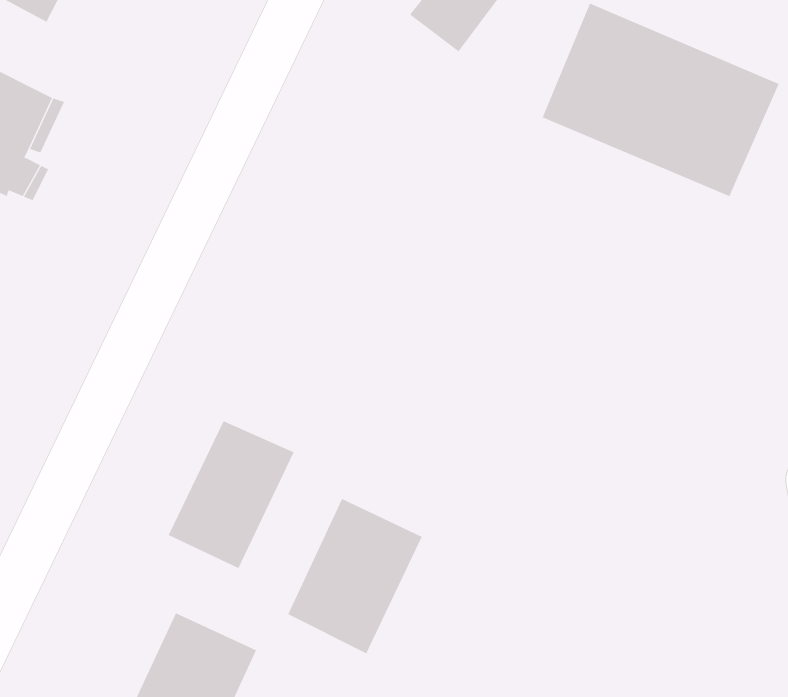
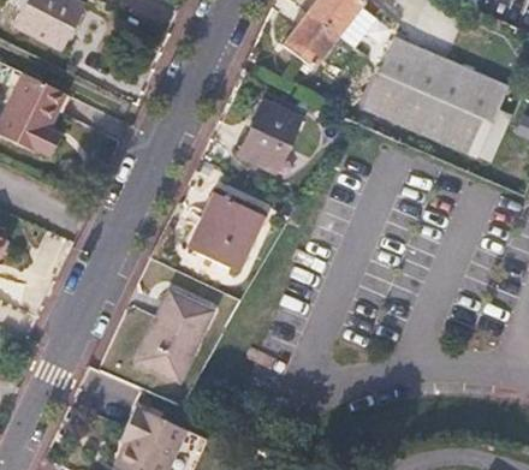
building: none -> [239,101,301,172]
building: none -> [189,192,264,272]
building: [288,498,422,654] -> none

